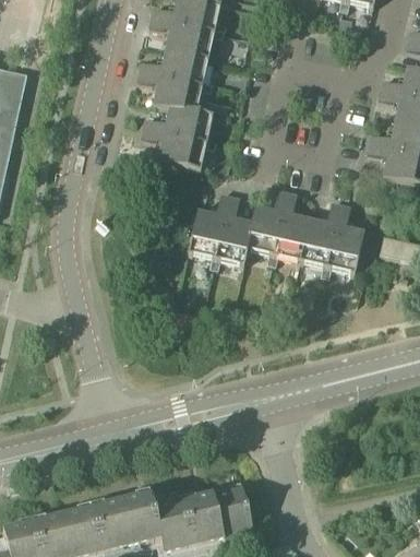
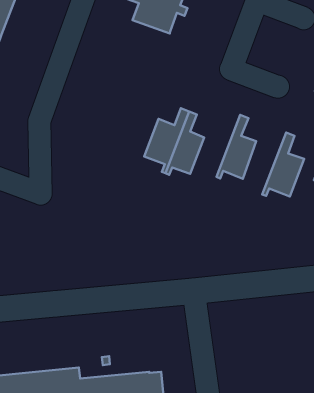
building: [141,106,216,169] -> none
building: [241,188,287,264] -> none
building: [300,200,340,274] -> none

